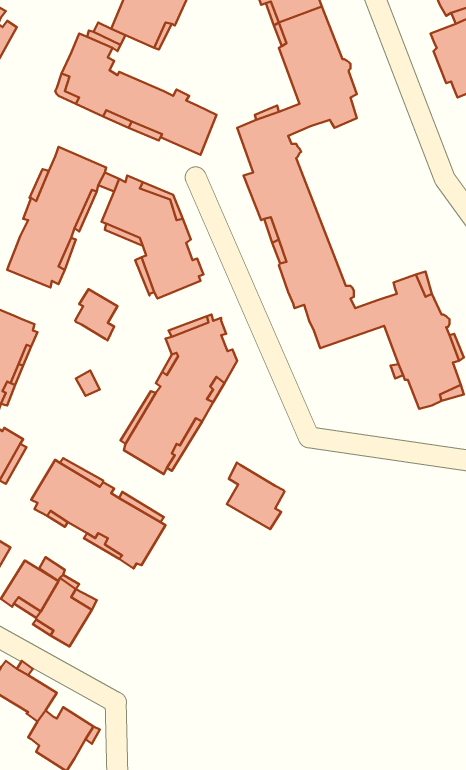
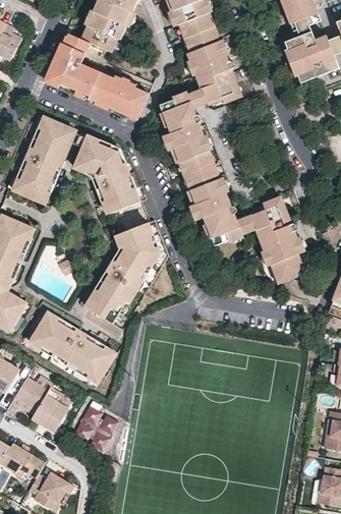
building: [75,289,118,340] -> none
building: [227,462,285,529] -> none
building: none -> [73,402,117,450]

